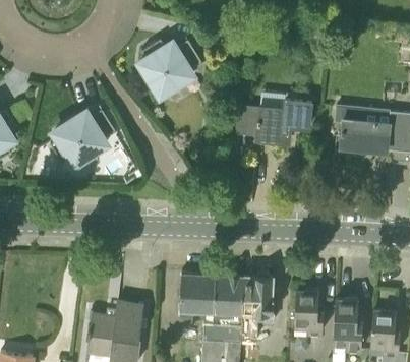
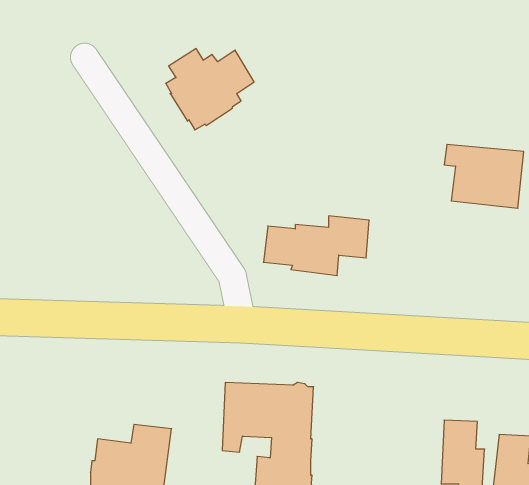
building: [237,100,311,141] -> [263,216,369,275]
building: [50,111,115,166] -> none
building: [241,274,274,340] -> none
building: [295,290,324,333] -> none

